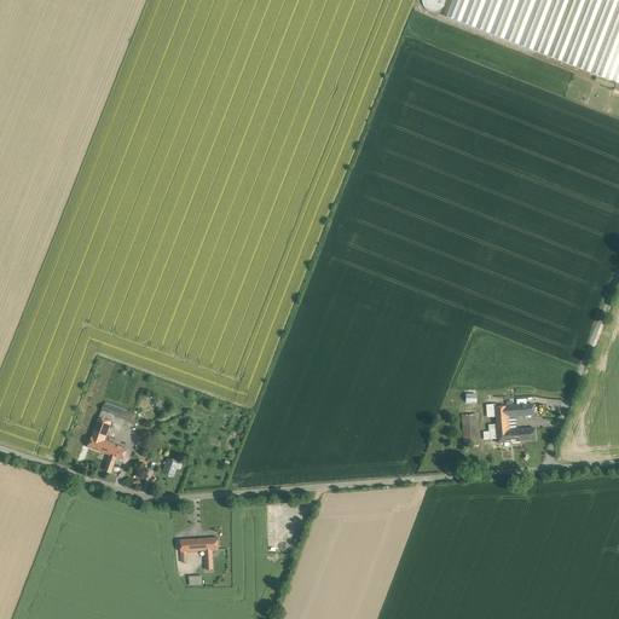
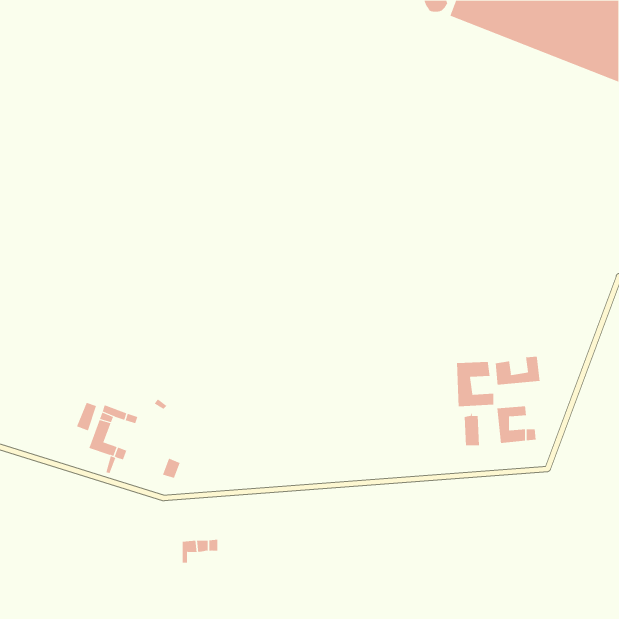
building: none -> [495,356,540,385]
building: none -> [457,361,494,407]

